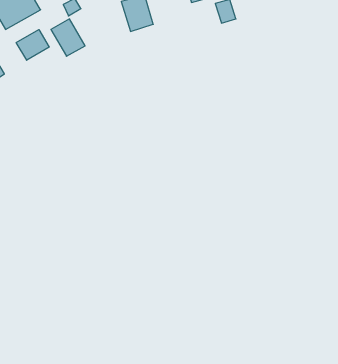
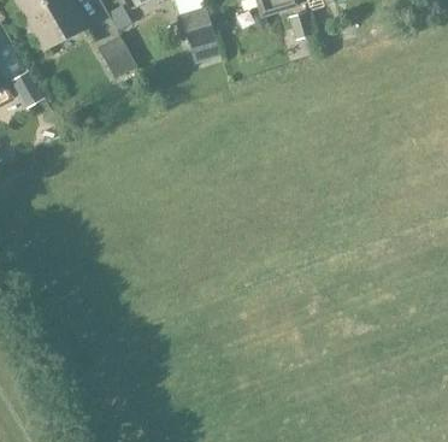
building: [16,30,49,60] -> none

